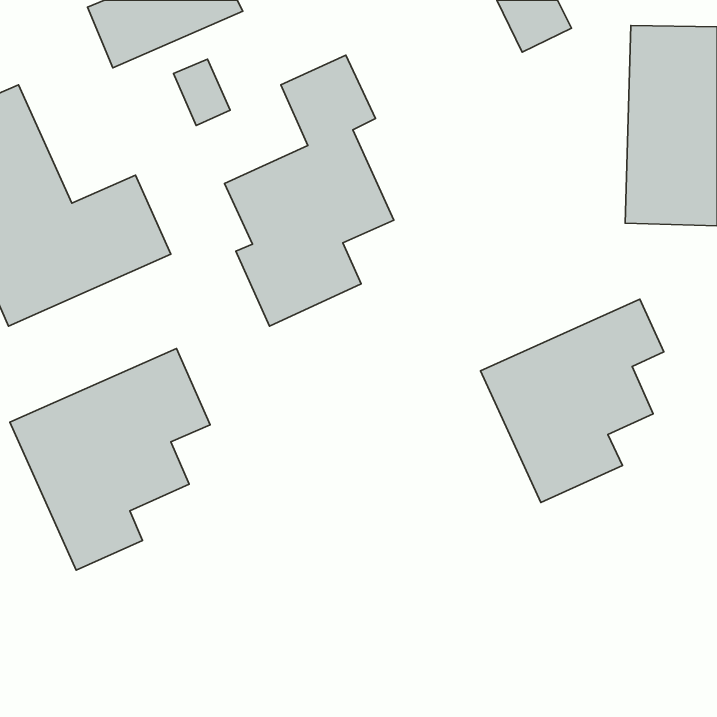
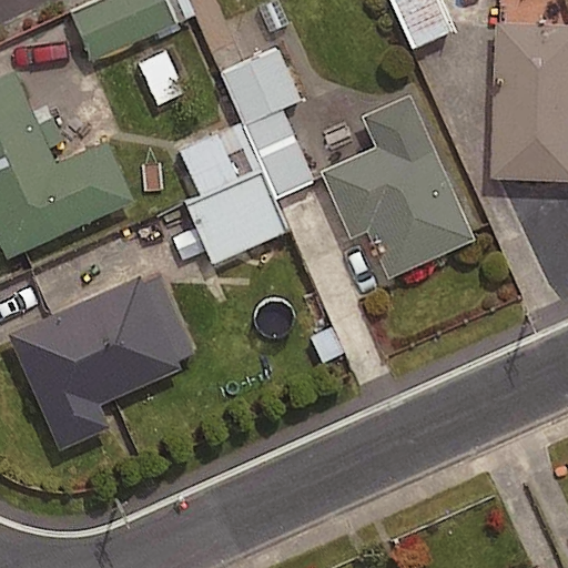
building: none -> [322,94,476,278]
building: [480,299,664,502] -> none

